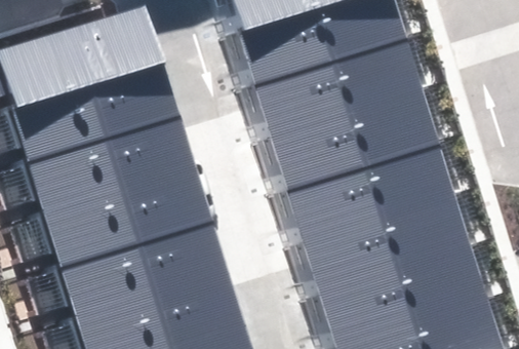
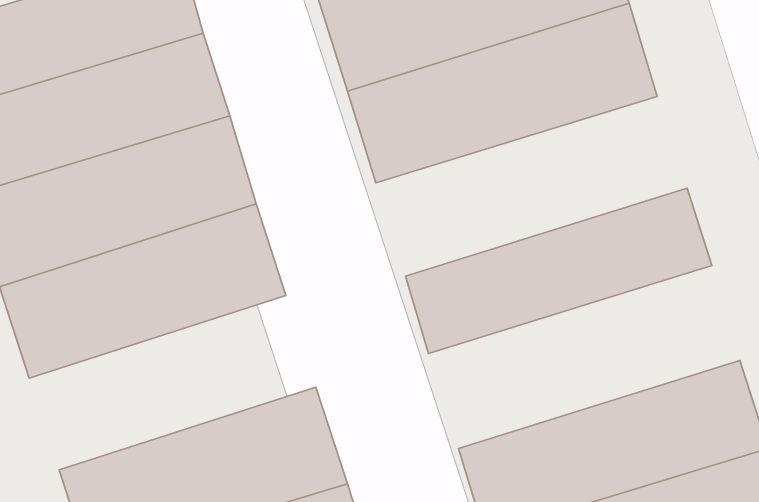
building: [258,90,440,195] -> none
building: [289,189,471,296] -> none
building: [56,206,224,308] -> none

